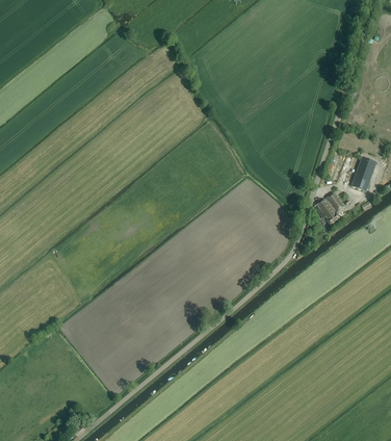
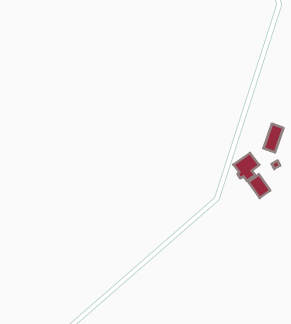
building: none -> [248,174,270,198]

